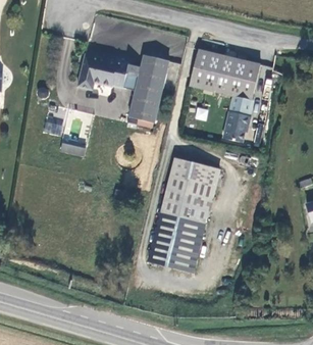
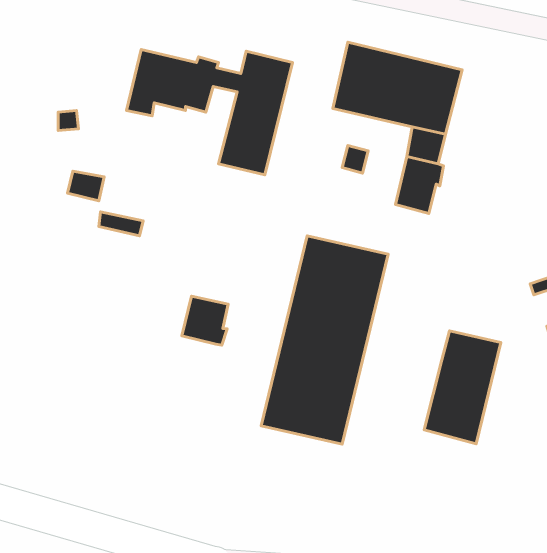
building: none -> [182,296,228,345]
building: none -> [424,331,501,444]

